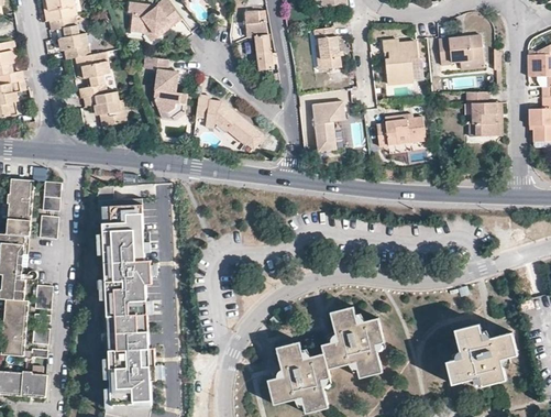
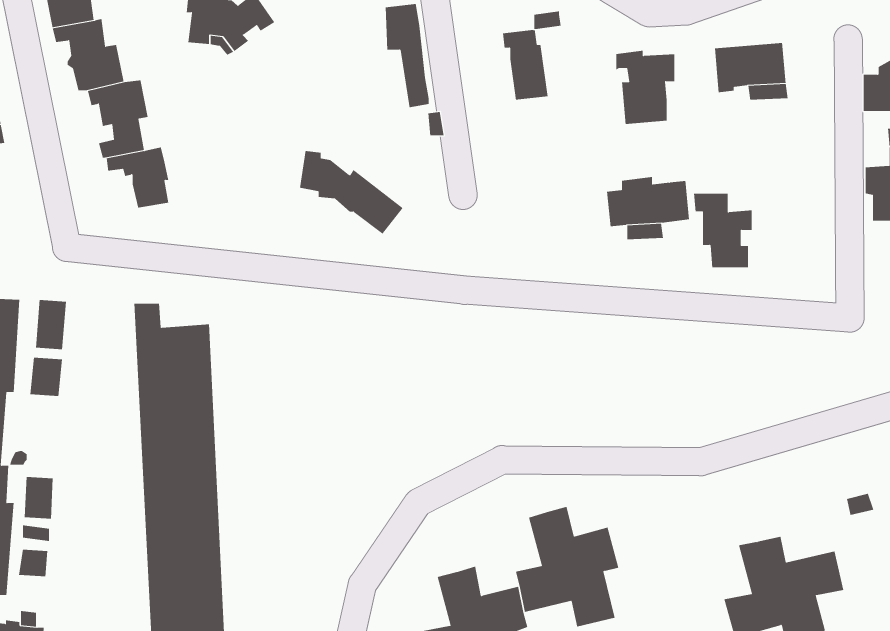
building: [144,57,181,112] -> none
building: [466,88,502,132] -> [693,193,753,268]
building: [312,98,345,147] -> none

